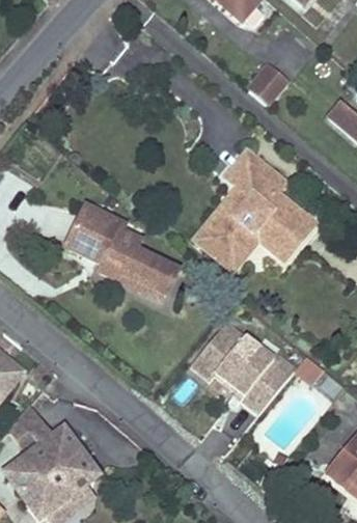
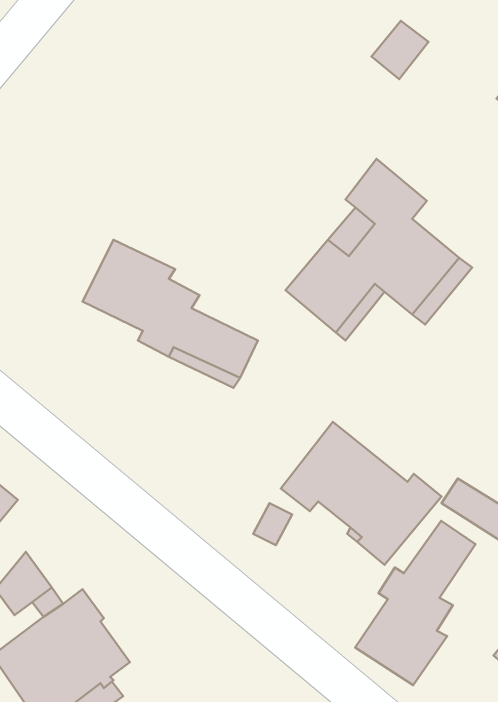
building: none -> [355,521,476,685]

